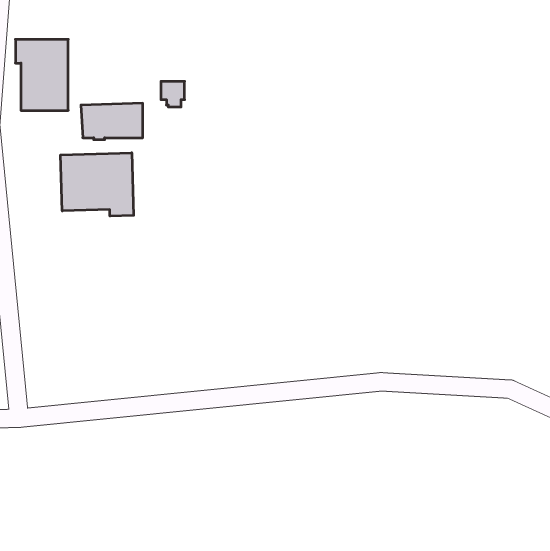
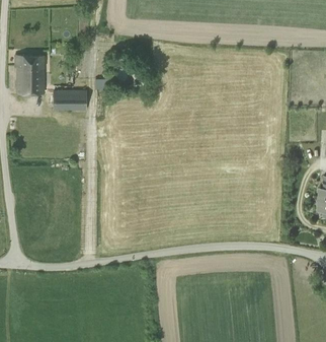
building: [61,153,134,216] -> none

